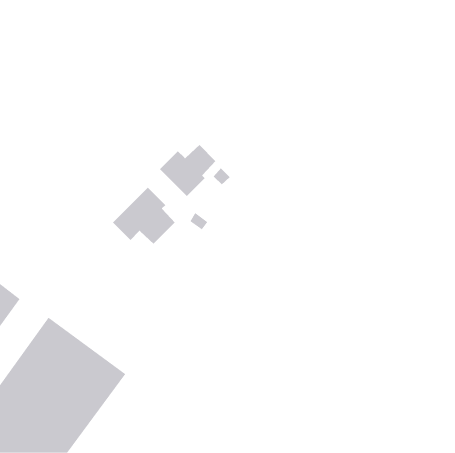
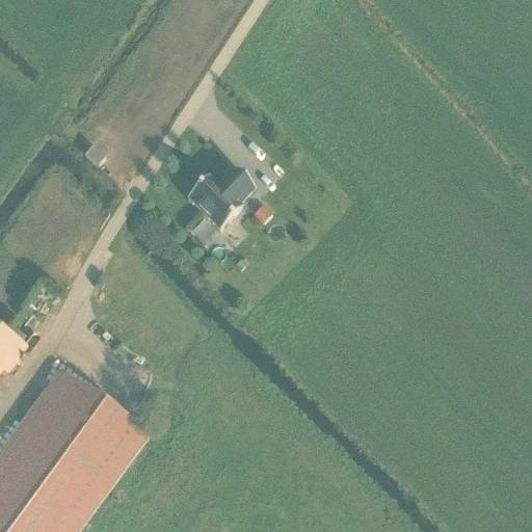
building: [112,187,175,244] -> none

